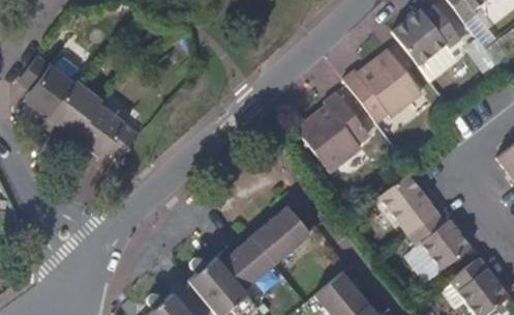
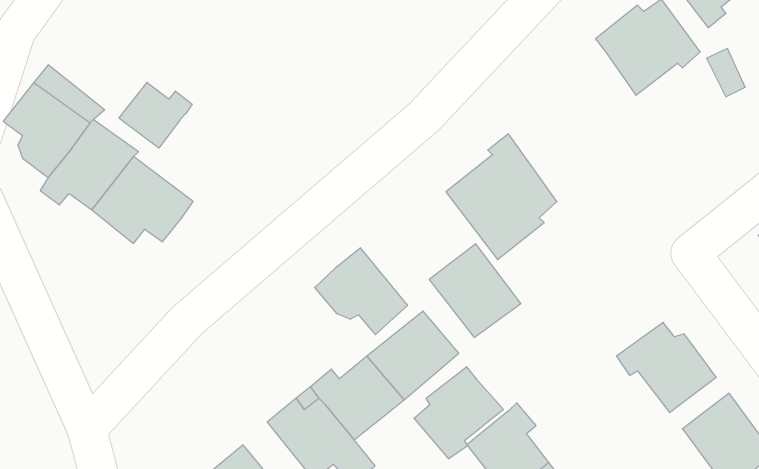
building: [346,49,425,123] -> none
building: none -> [119,82,192,148]
building: none -> [315,248,408,335]
building: [381,174,440,234] -> [429,244,521,337]
building: none -> [414,367,503,459]

